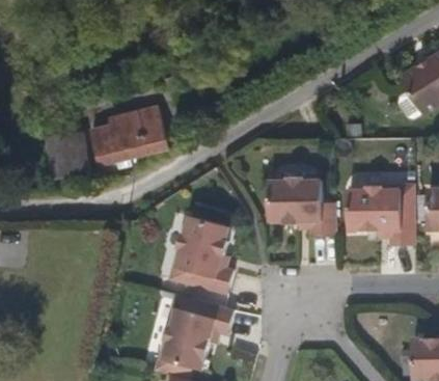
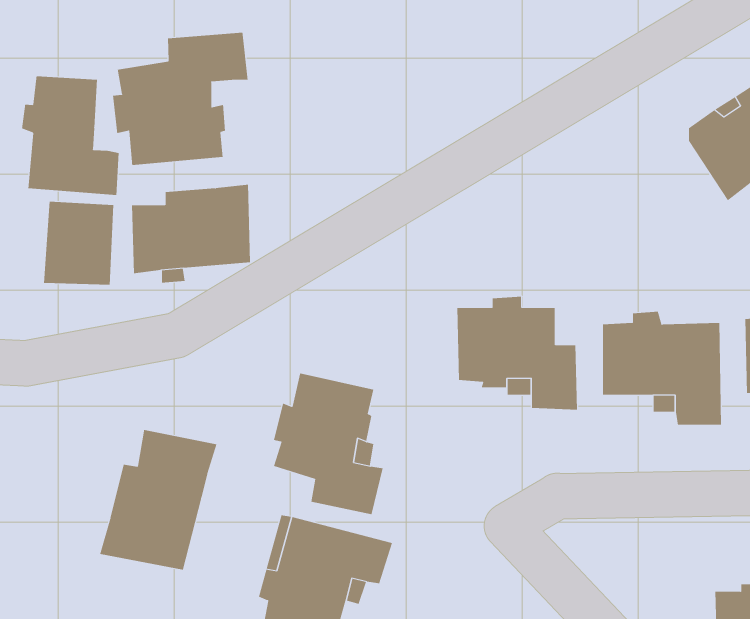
building: none -> [112,32,248,166]
building: none -> [22,76,119,196]
building: none -> [100,429,217,571]

